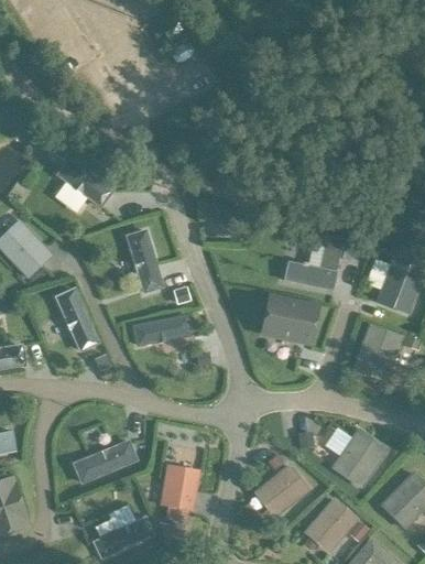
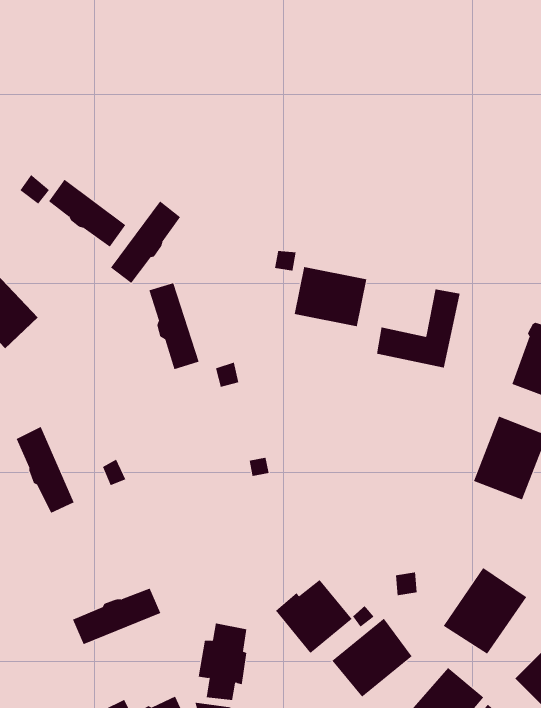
building: none -> [110,201,181,284]
building: [57,289,98,349] -> [16,426,75,514]
building: [265,299,316,340] -> [294,266,367,327]
building: [134,316,190,345] -> none
building: none -> [275,579,353,654]

